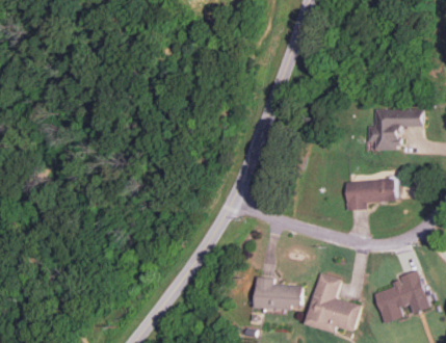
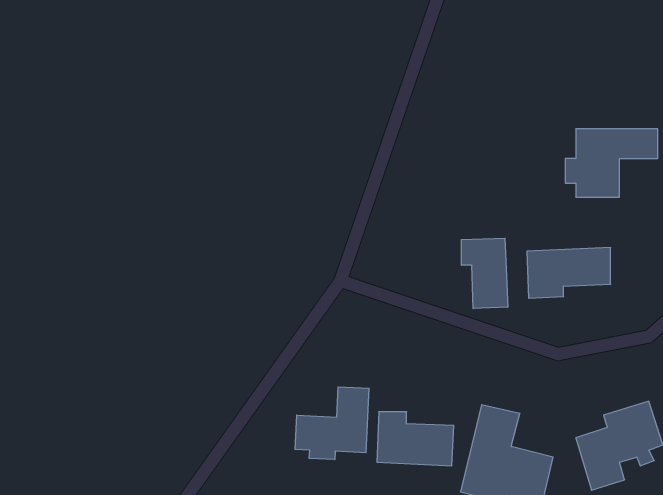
building: none -> [461,238,508,309]
building: none -> [295,387,369,460]

